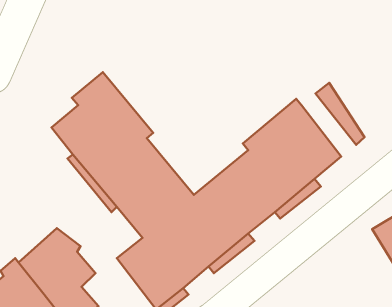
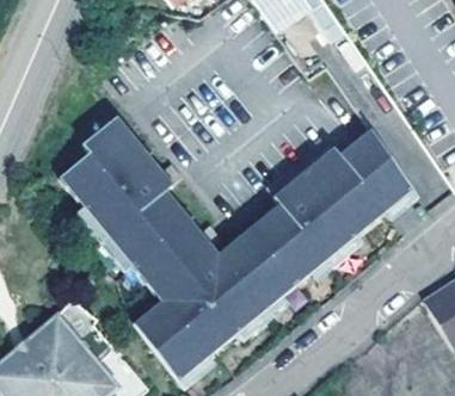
building: none -> [343,146,420,224]

